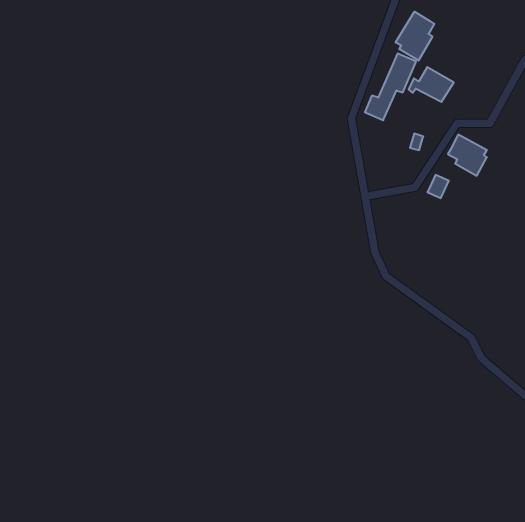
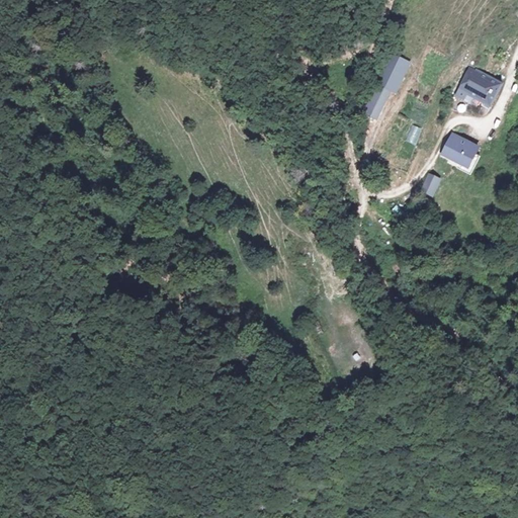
building: [396,12,434,61] -> none
building: [409,67,454,102] -> [457,68,502,102]

